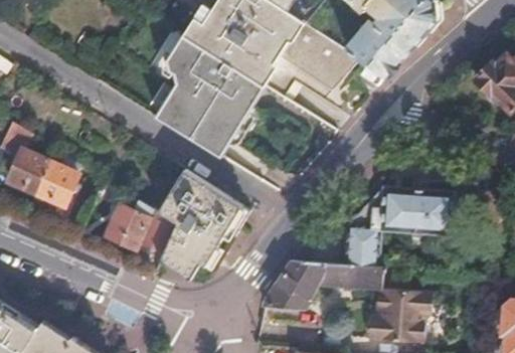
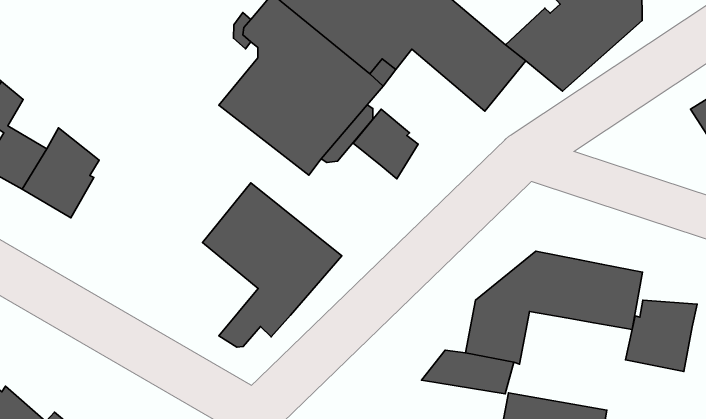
building: none -> [353,109,418,179]
building: [100,191,198,274] -> none
building: none -> [626,300,697,372]
building: [260,260,329,309] -> none

